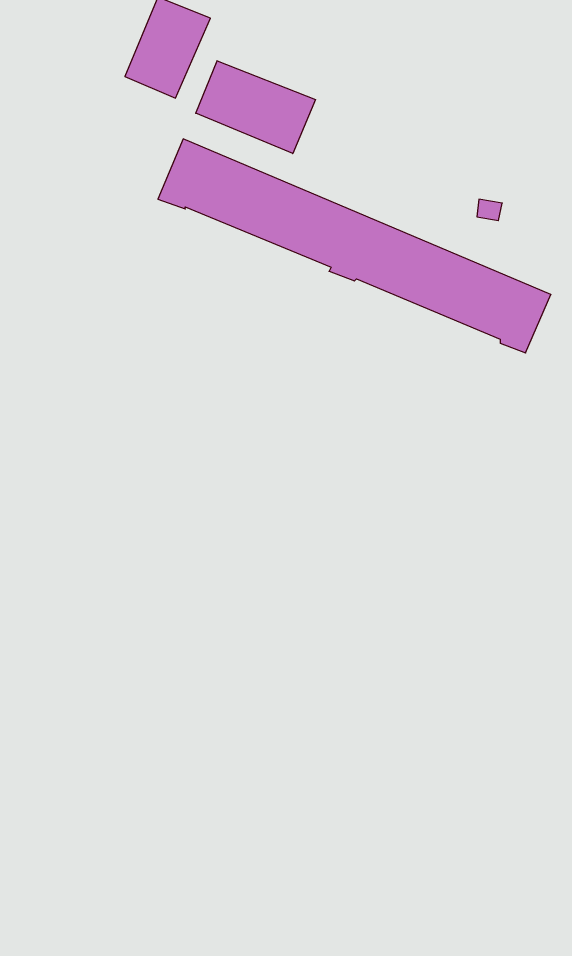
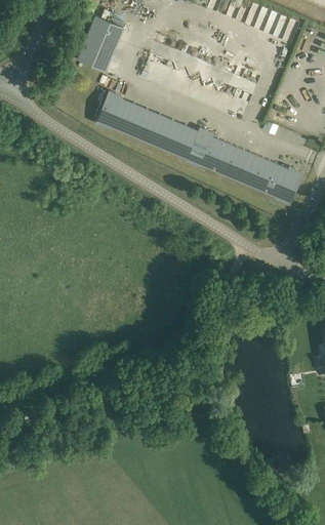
building: [196,61,316,154] -> none

